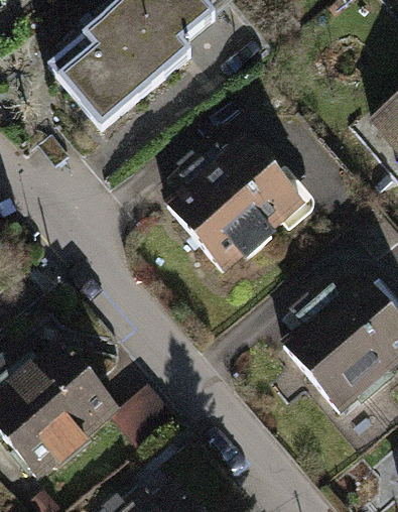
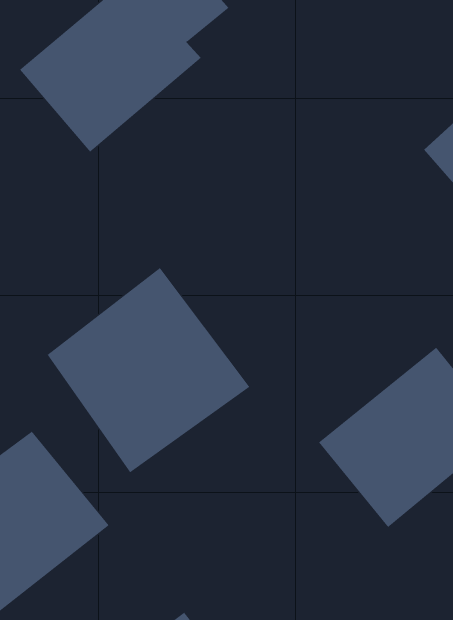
building: [184,127,328,265] -> none
building: none -> [47,267,250,473]

